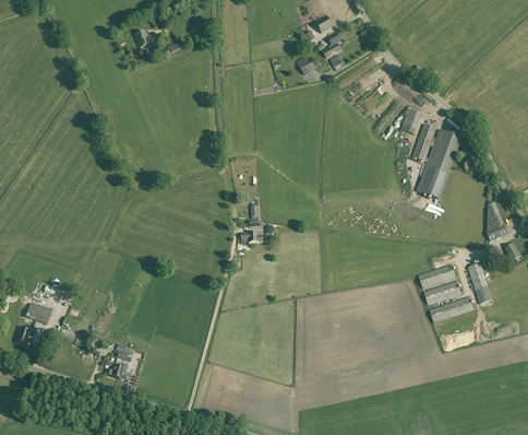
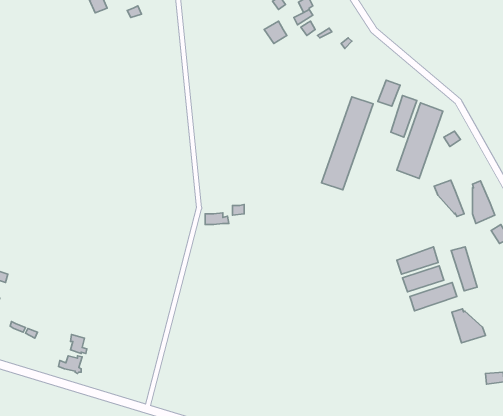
building: none -> [322,97,373,190]
building: none -> [434,180,464,217]
building: none -> [452,309,486,343]

